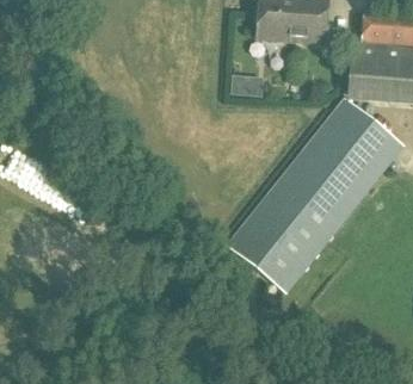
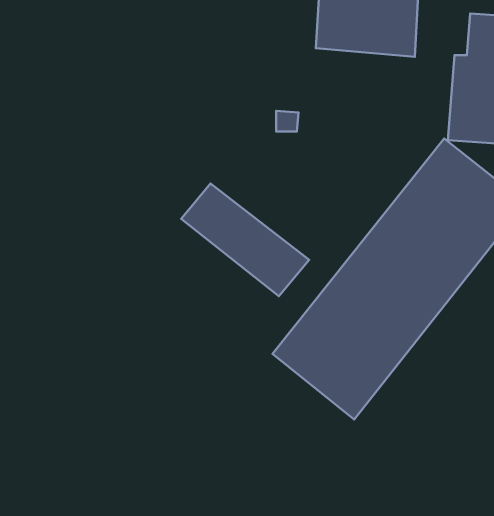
building: none -> [181,183,309,296]

